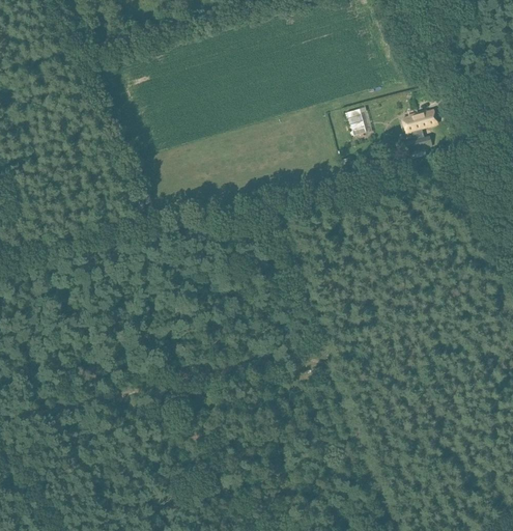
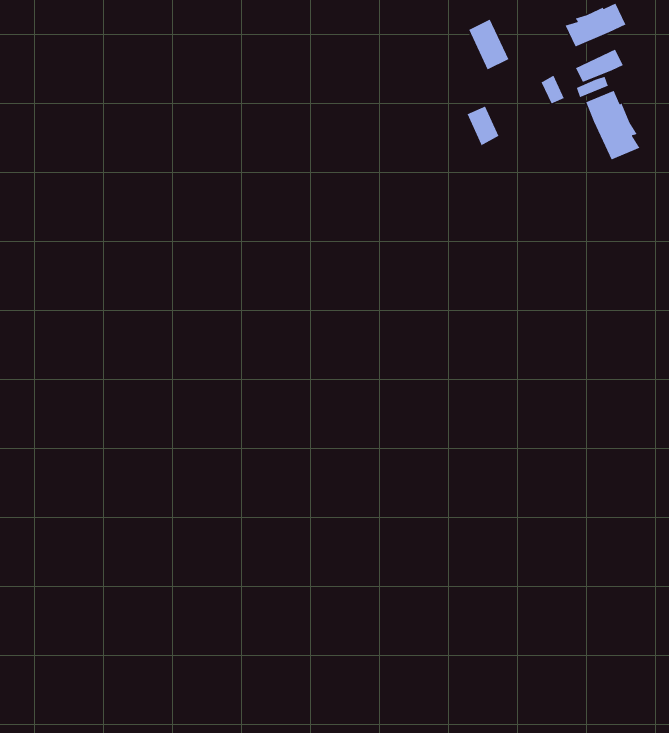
building: none -> [585,90,640,160]

